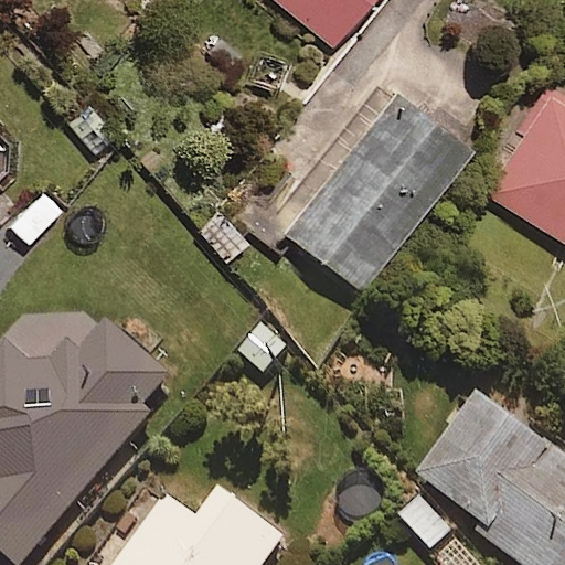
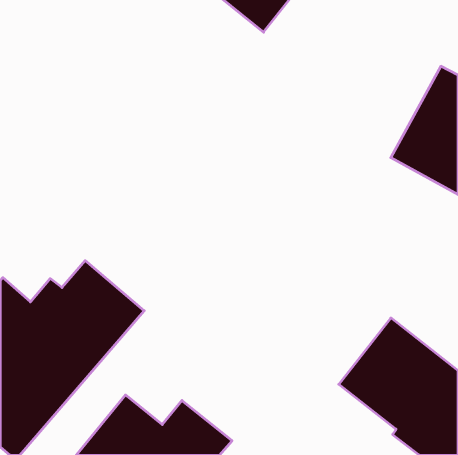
building: [277,83,458,285] -> none

